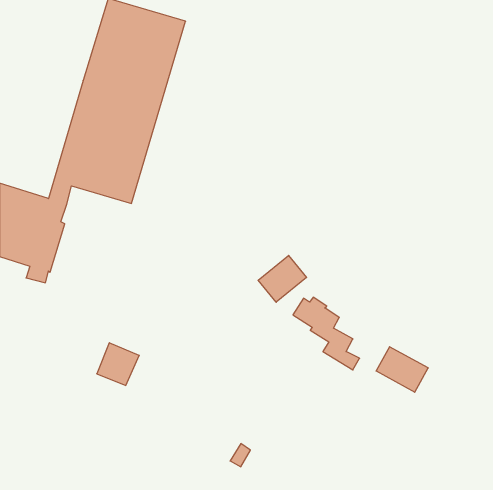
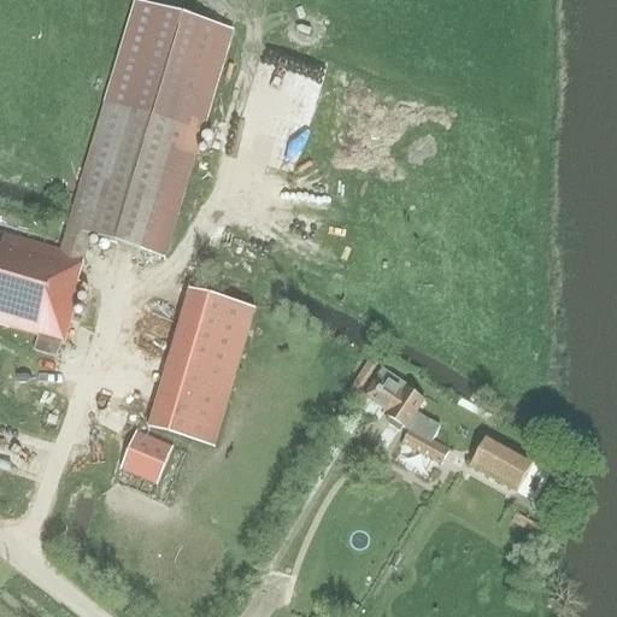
building: none -> [148,286,254,443]
building: [258,255,307,302] -> none

